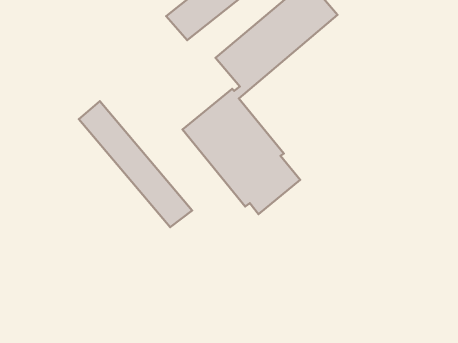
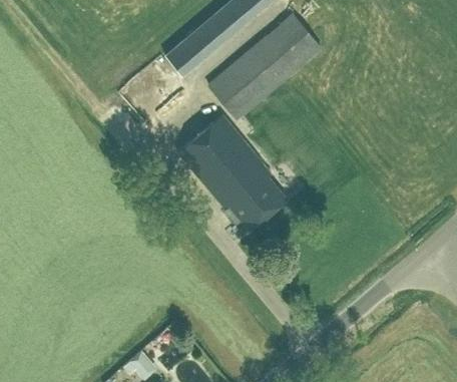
building: [79,101,192,227] -> none

